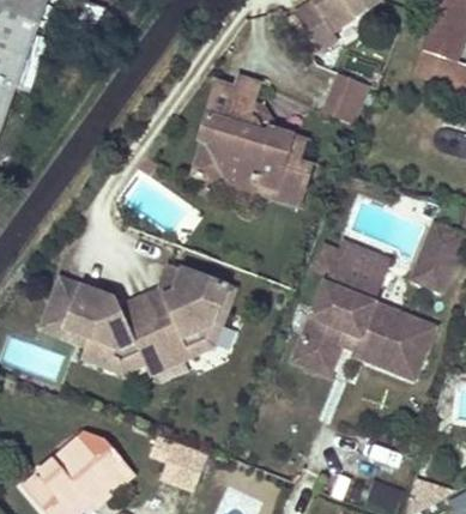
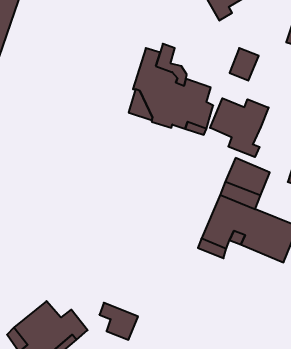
building: none -> [210,98,269,157]
building: [42,261,236,373] -> none

